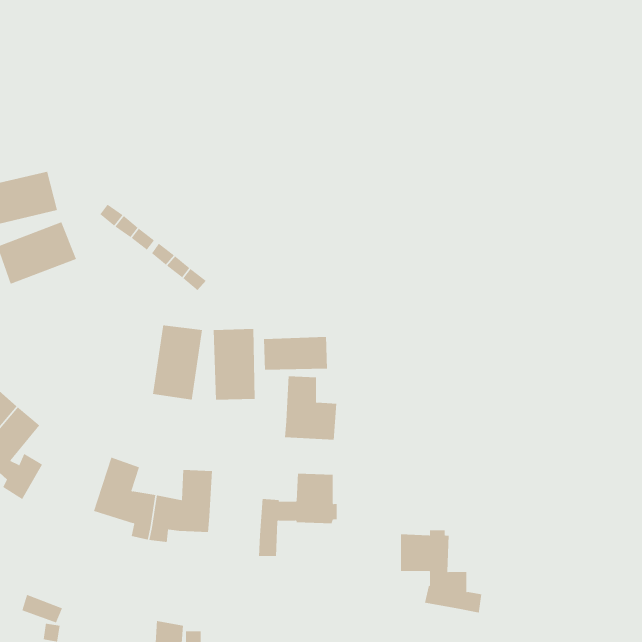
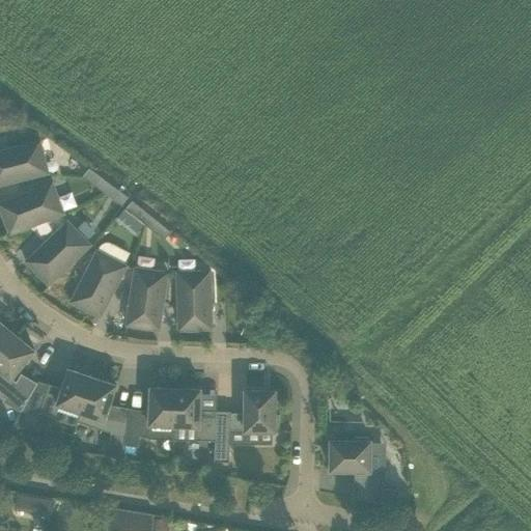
building: none -> [25,222,89,286]
building: none -> [69,243,129,318]
building: [264,336,327,371] -> none
building: [284,376,337,440] -> [172,389,216,442]
building: none -> [39,370,91,427]

